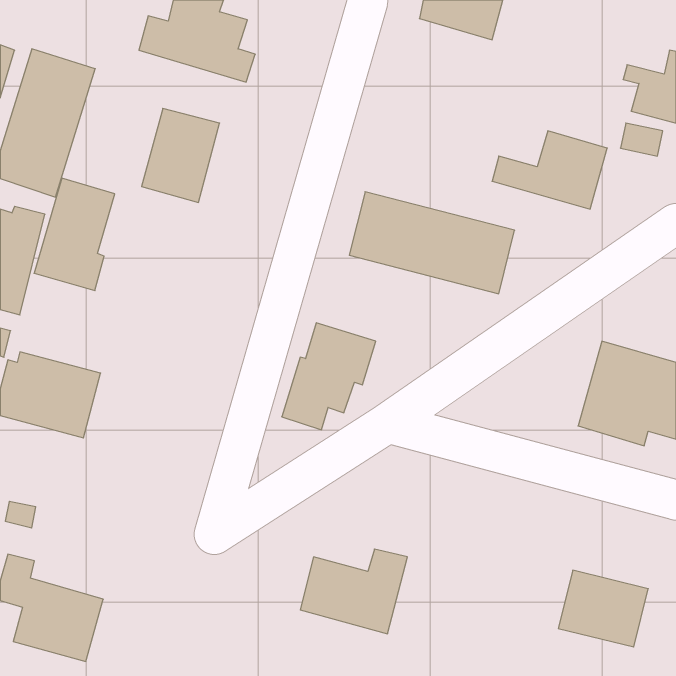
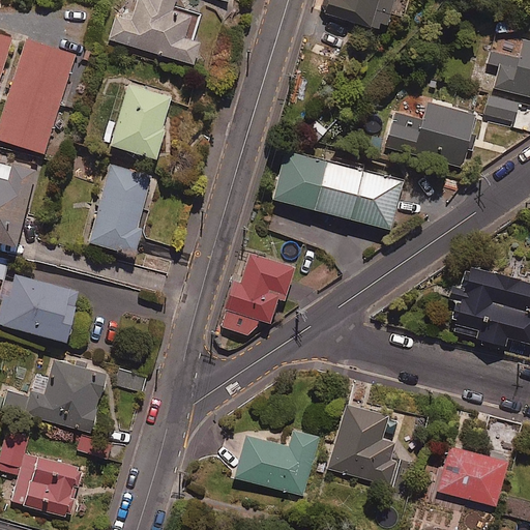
building: [34,178,115,291] -> [87,168,150,256]
building: none -> [27,361,106,432]
building: none -> [327,405,403,485]

